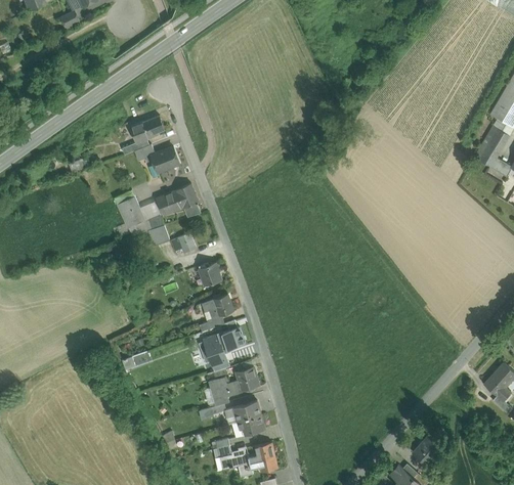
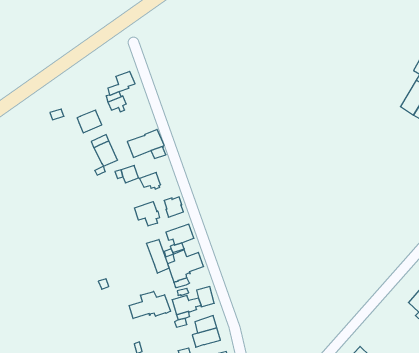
building: [151,146,179,173] -> [77,110,102,133]
building: none -> [134,202,160,226]
building: none -> [147,239,169,273]
building: none -> [129,291,171,319]

